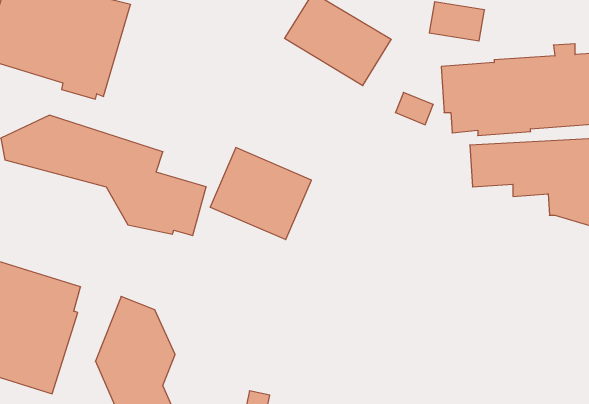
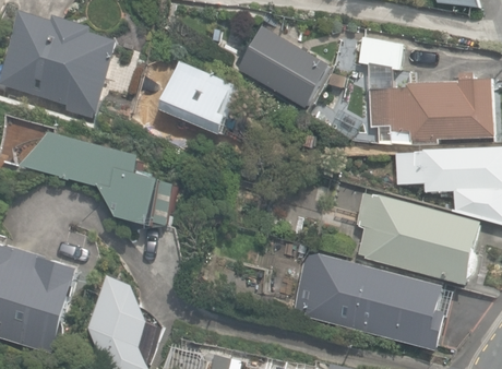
building: [210,148,311,240] -> [158,61,240,135]
building: none -> [354,191,481,284]
building: none -> [290,253,445,350]

